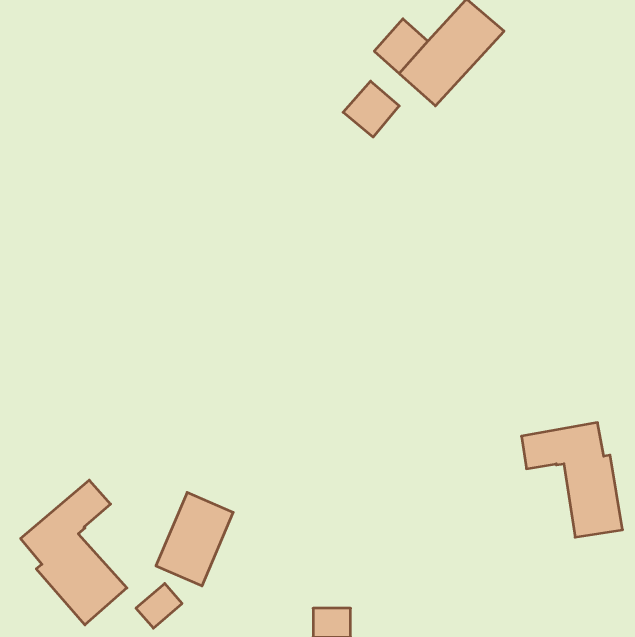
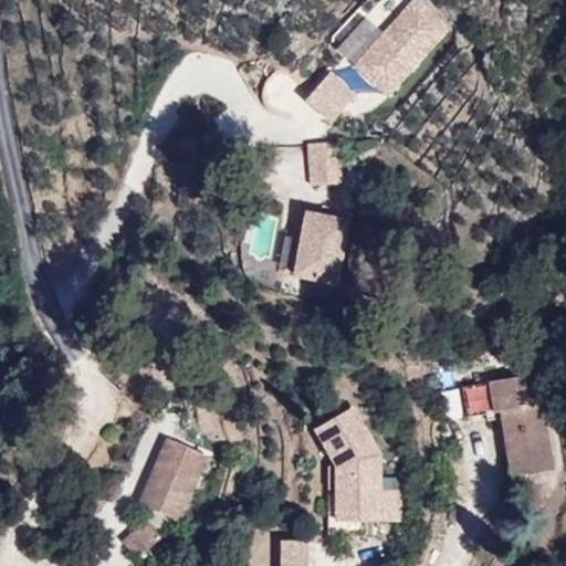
building: none -> [307,142,342,184]
building: none -> [293,211,346,282]
building: none -> [314,406,401,517]
building: [21,480,127,625] -> none

